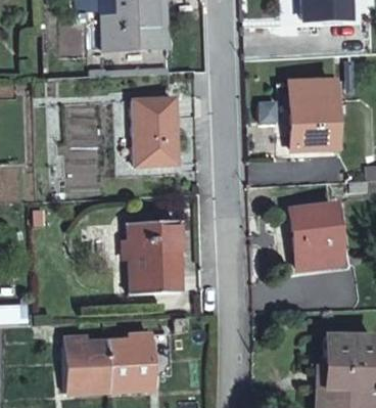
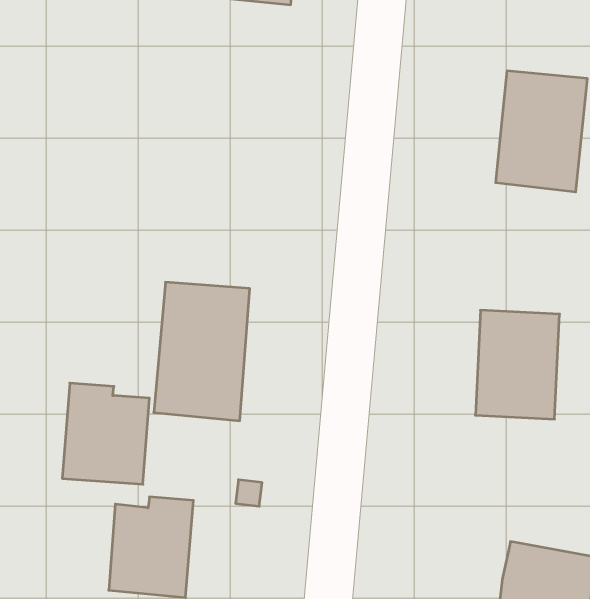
building: [131,89,177,156] -> none
building: [61,338,108,393] -> [62,383,149,484]

